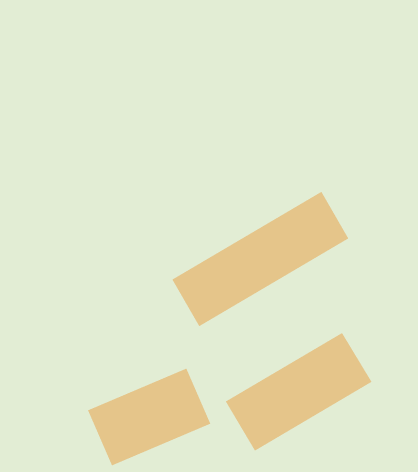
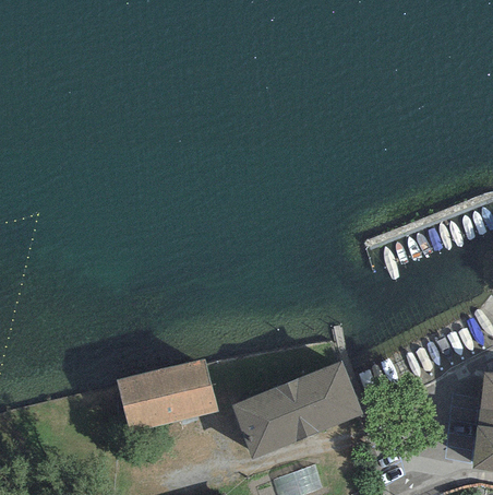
building: [171,191,349,327] -> none

